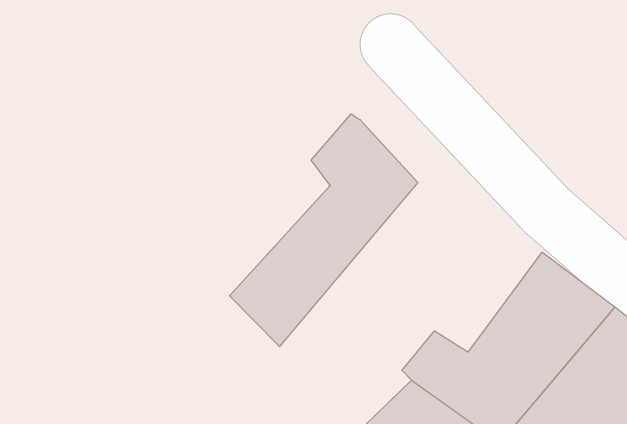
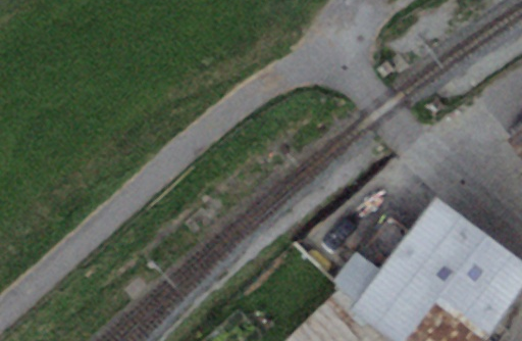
building: [229,114,418,347] -> none

